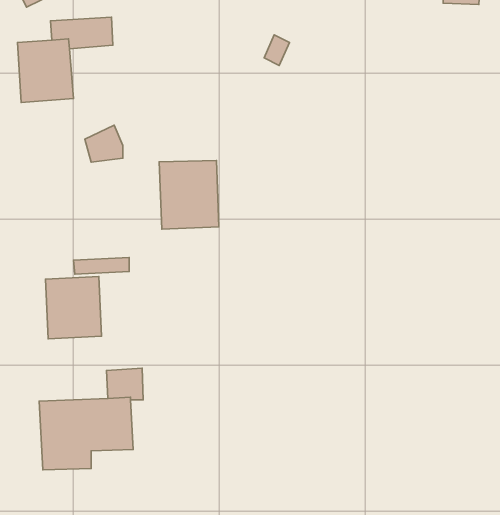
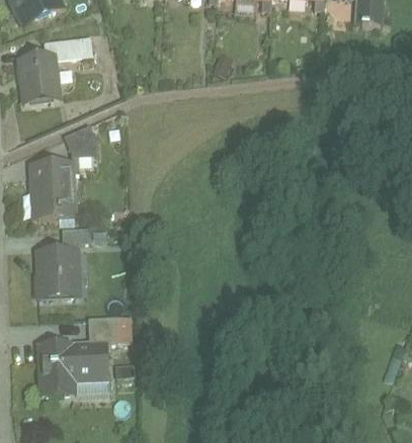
building: [159,161,219,229] -> [34,161,82,215]

